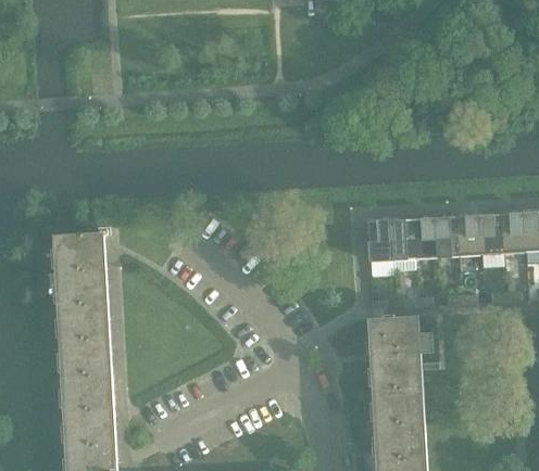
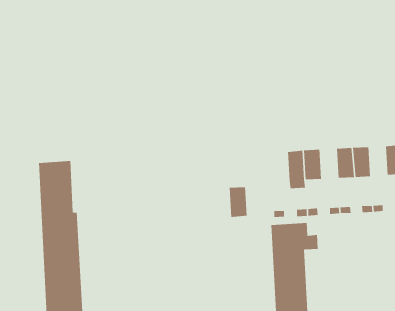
building: [502,212,526,253] -> none
building: [436,215,460,256] -> none
building: [368,219,393,260] -> [229,187,247,217]

